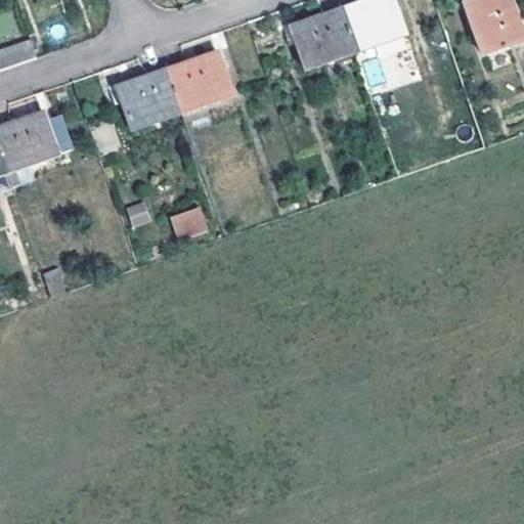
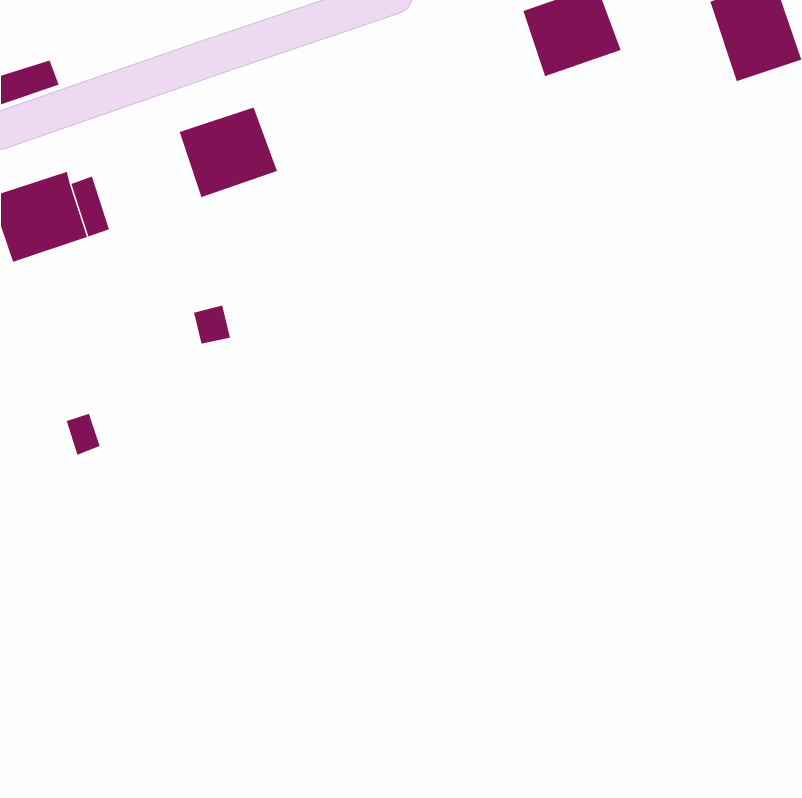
building: [291,7,355,68] -> none
building: [166,51,231,112] -> none
building: [170,204,208,234] -> none

